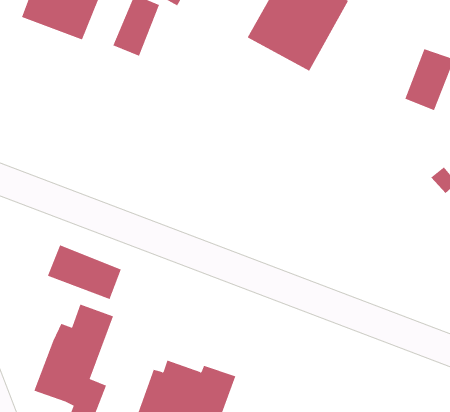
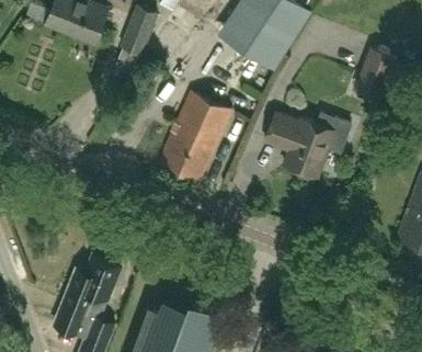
building: none -> [158,91,231,181]
building: none -> [264,113,351,179]
building: [47,244,122,300] -> none

